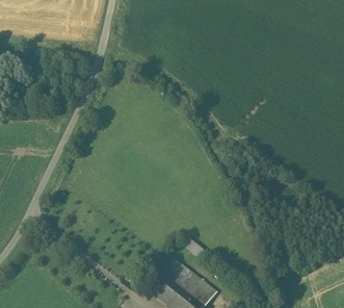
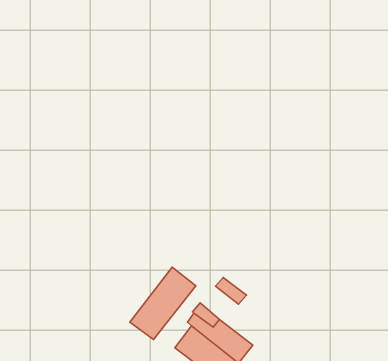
building: none -> [130,267,196,340]

